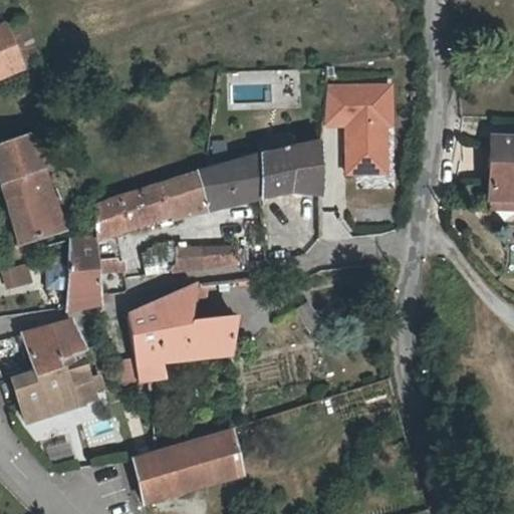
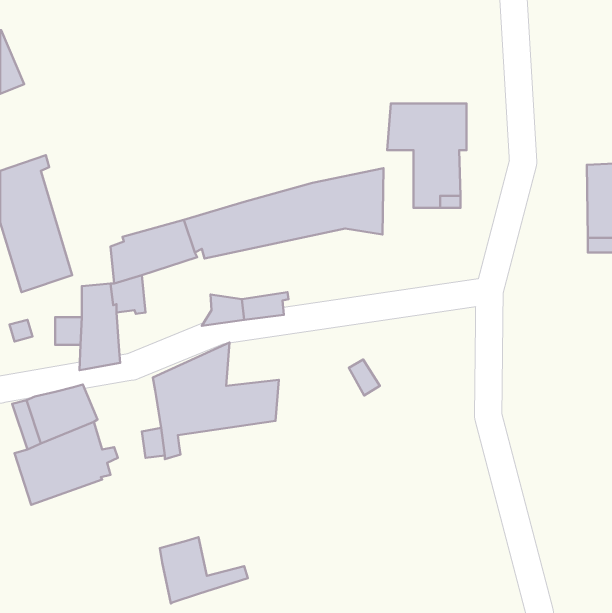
building: [168,431,240,483] -> none

